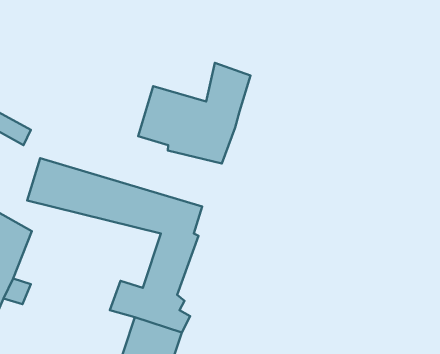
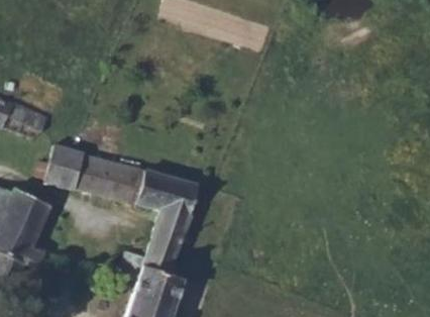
building: [138,63,251,163] -> none

